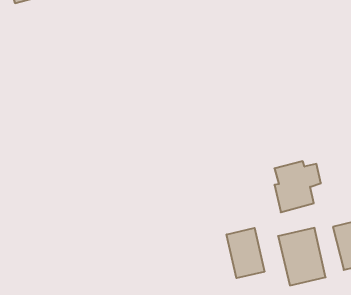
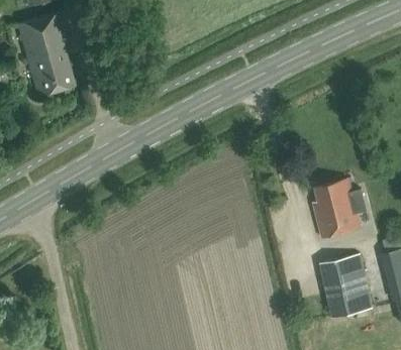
building: none -> [18,13,76,96]
building: [227,228,264,278] -> none

